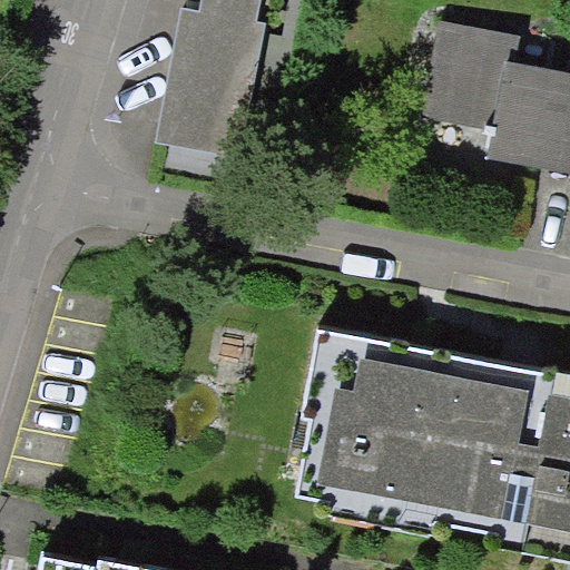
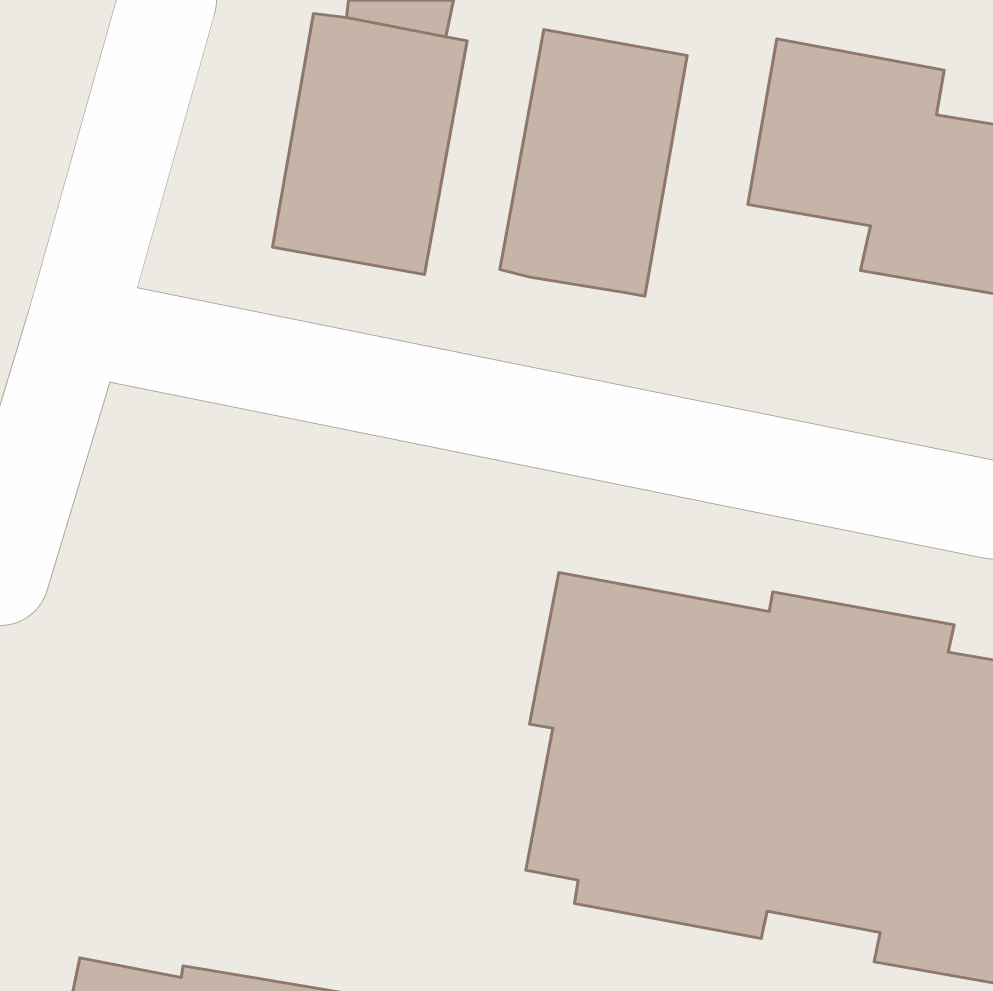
building: none -> [500,30,687,296]

